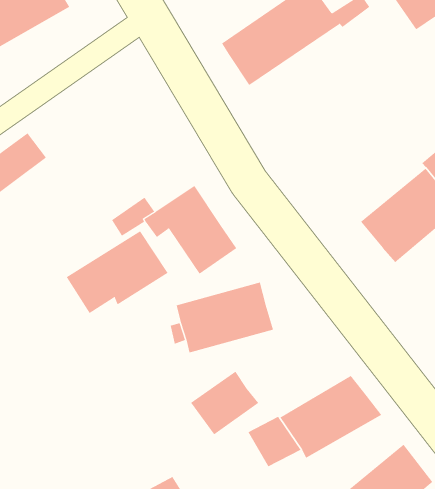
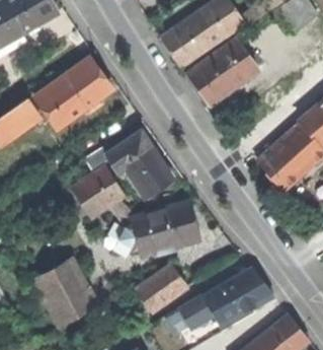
building: none -> [186,38,258,103]
building: none -> [34,58,111,129]
building: none -> [34,261,95,327]

